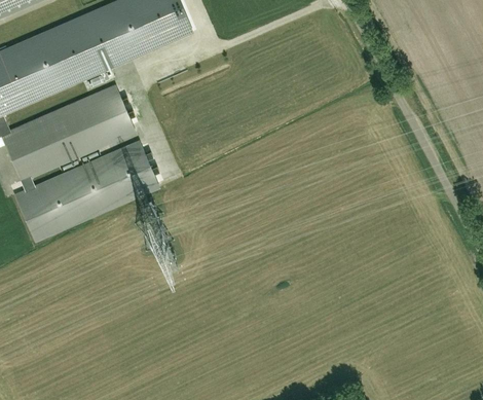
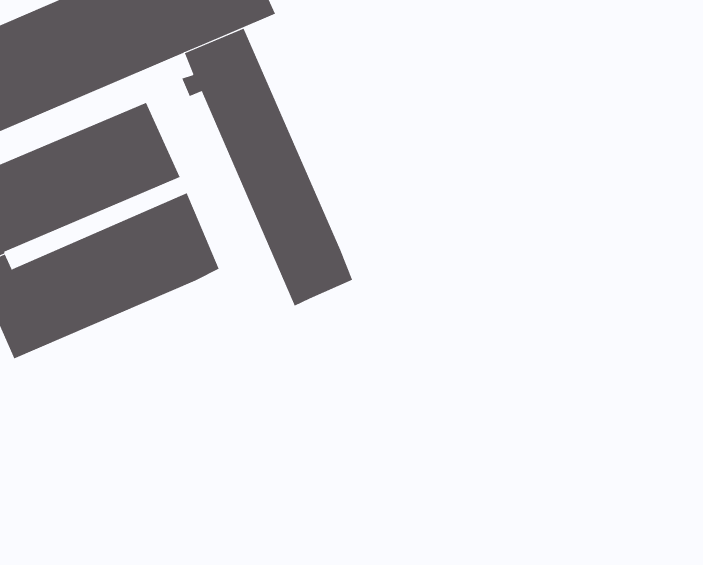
building: none -> [182,28,353,306]

